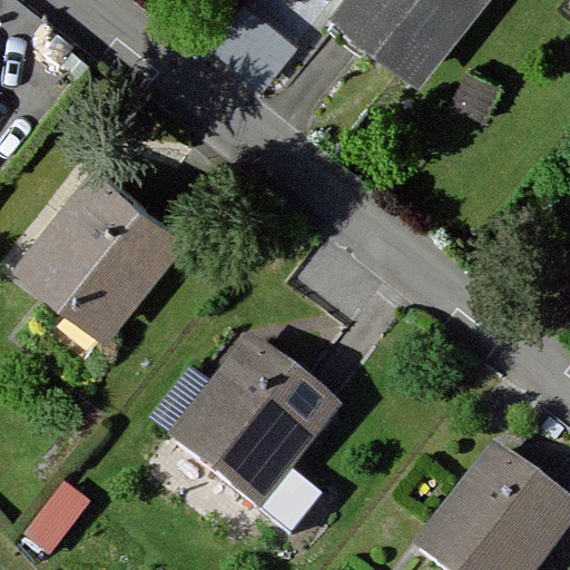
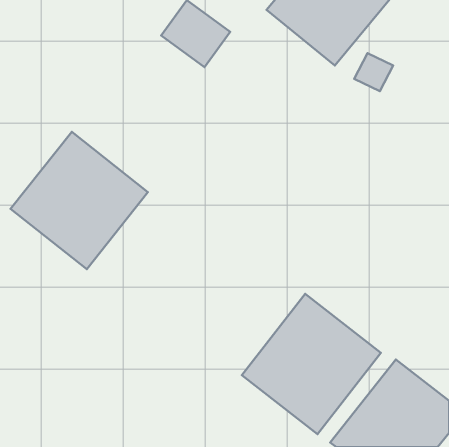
building: [166,345,337,518] -> none
building: none -> [242,294,381,434]

